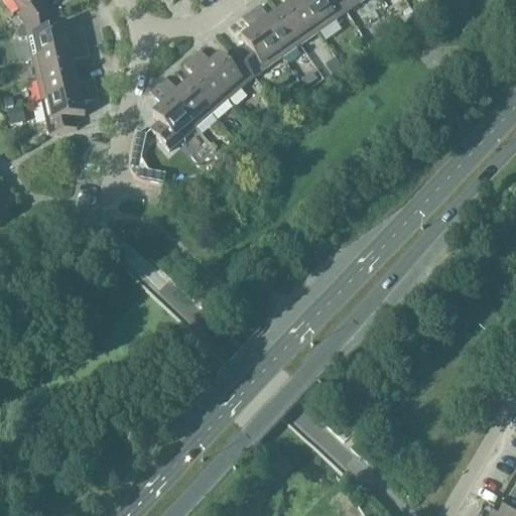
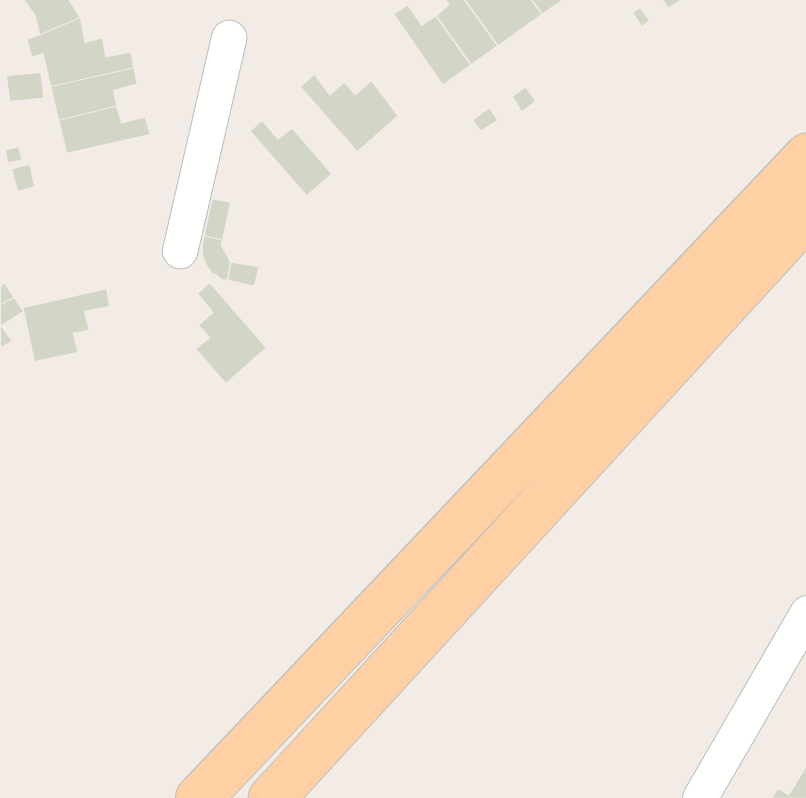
building: [238,9,283,74] -> none
building: [184,55,229,111] -> none
building: [151,84,197,148] -> [195,283,267,384]
building: [43,86,99,132] -> [23,289,110,362]

